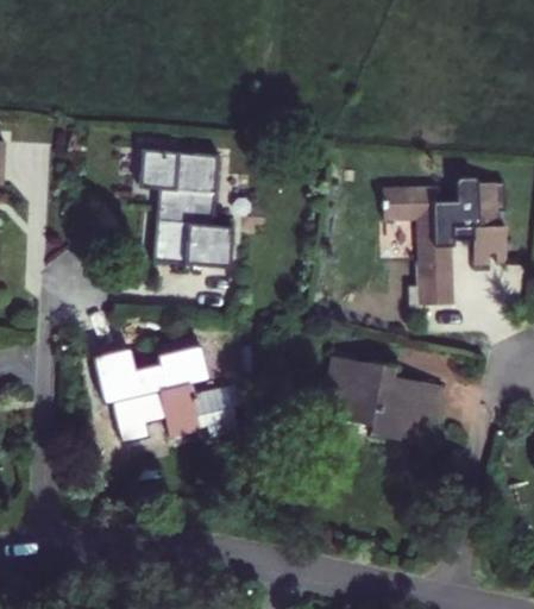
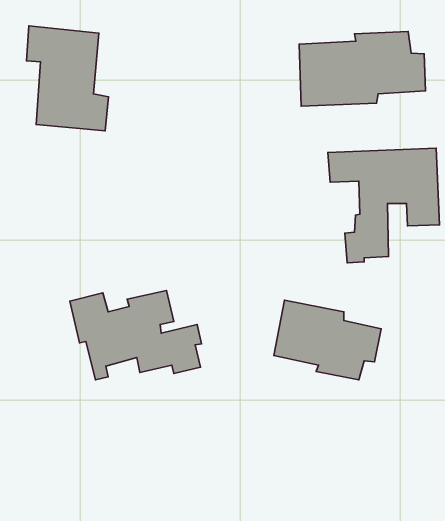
building: none -> [299,32,426,106]
building: [140,147,232,265] -> [27,26,108,131]

